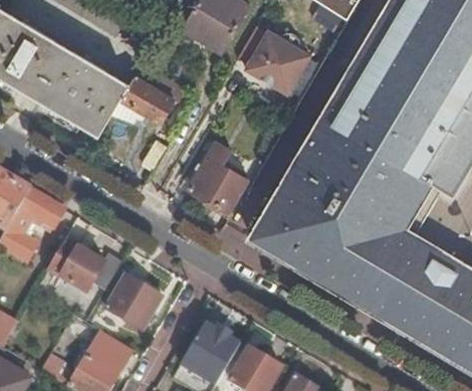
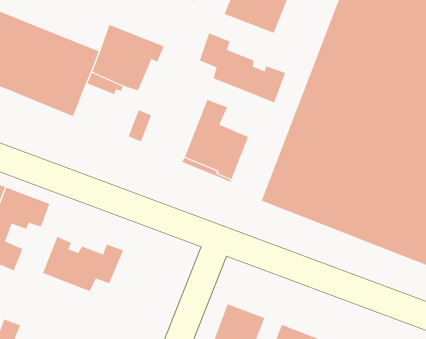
building: none -> [199,33,286,103]
building: [105,274,162,329] -> none

